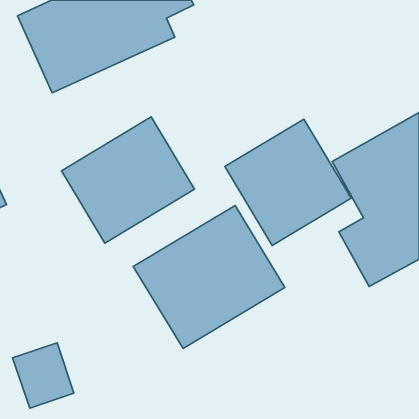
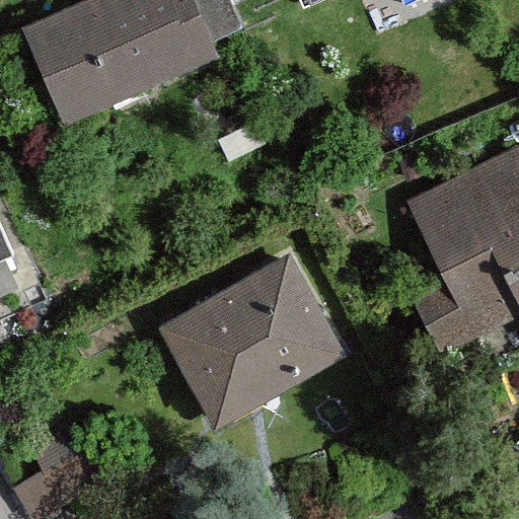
building: [61,117,194,243] -> none
building: [225,119,351,245] -> none

